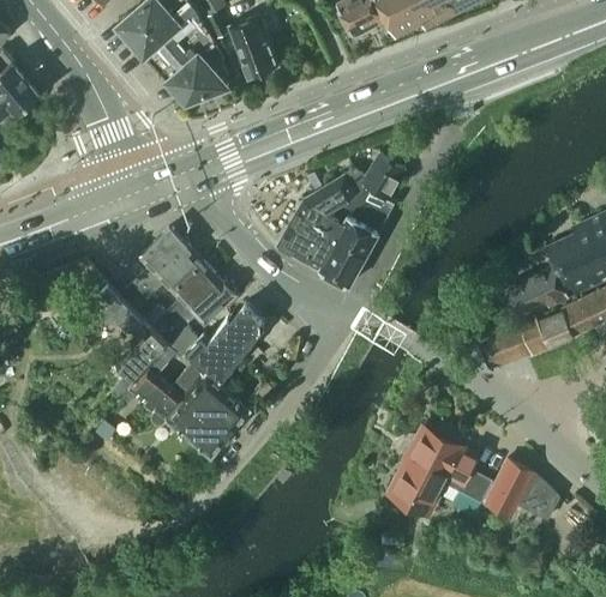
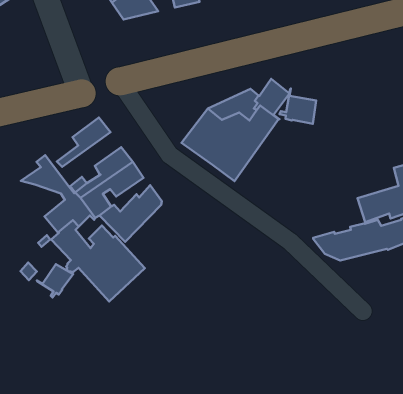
building: none -> [280,88,316,124]
building: [131,245,202,312] -> none
building: none -> [37,264,73,298]
building: [389,430,558,520] -> none

